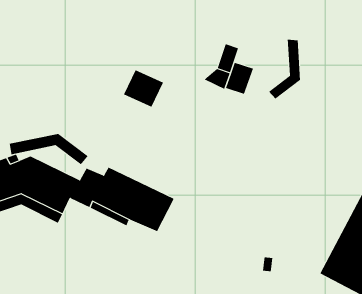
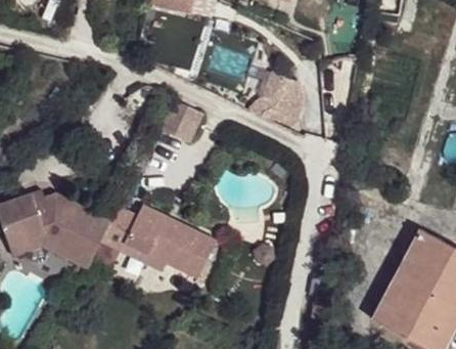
building: [268,39,300,99] -> none
building: [9,133,88,165] -> none

